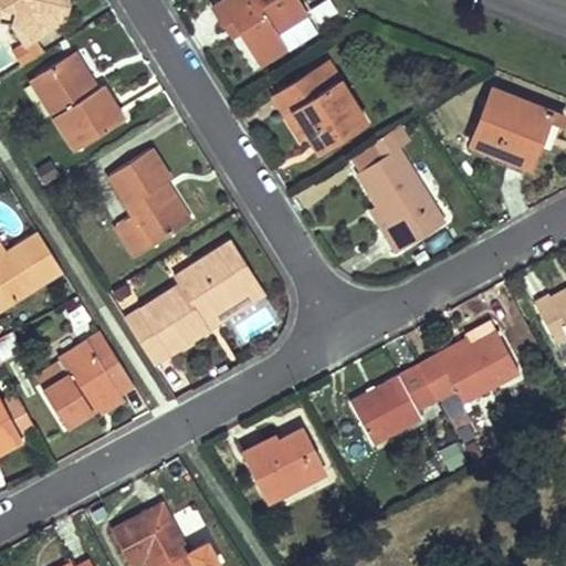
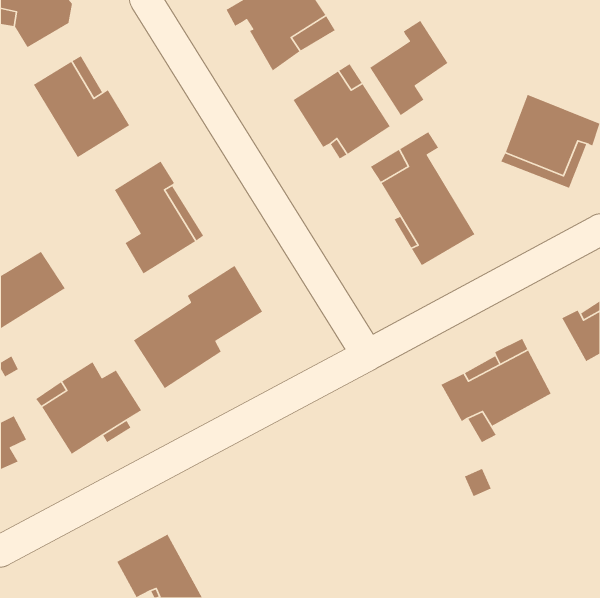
building: none -> [369,20,448,116]
building: [203,242,264,332] -> none
building: [352,366,434,441] -> none
building: [245,427,324,501] -> none

